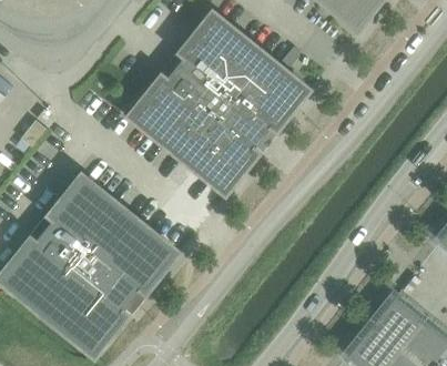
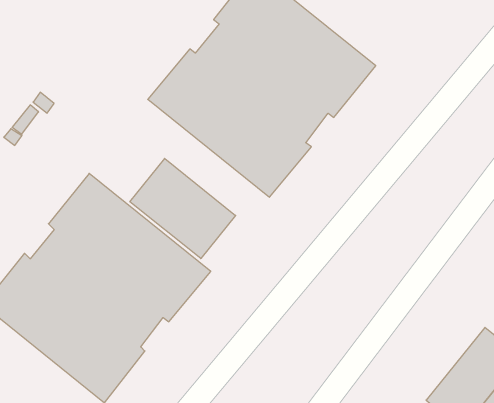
building: none -> [130,158,236,259]

